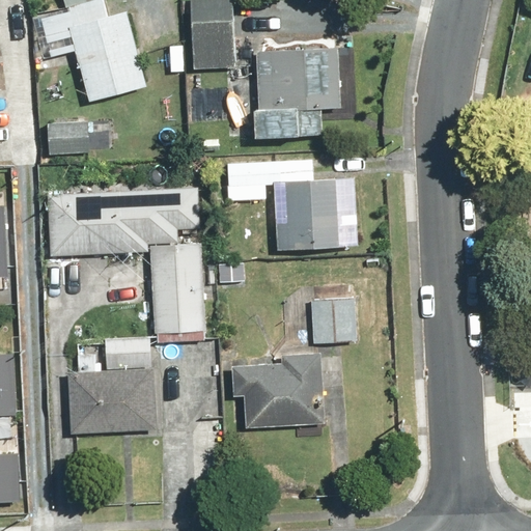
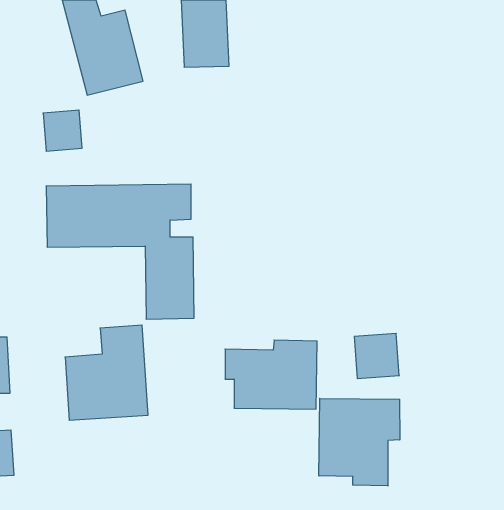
building: [253,47,342,140] -> none
building: [229,159,359,248] -> none
building: [305,292,352,339] -> [354,334,399,379]
building: none -> [319,398,400,486]

